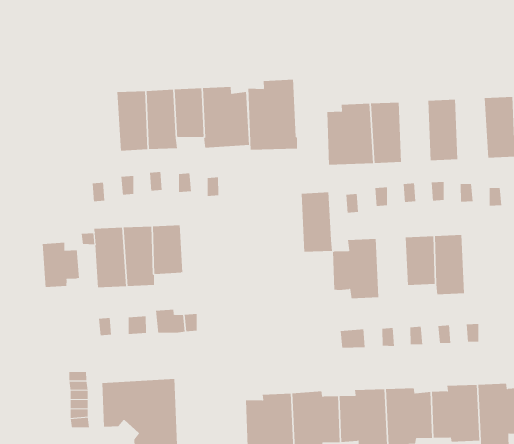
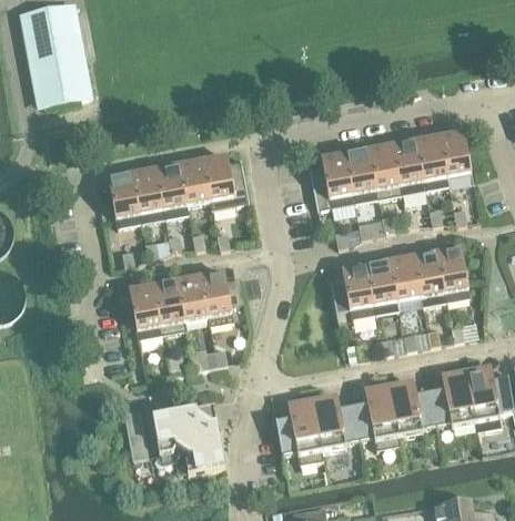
building: [248,79,298,151] -> none
building: none -> [108,172,142,225]
building: none -> [416,134,450,188]
building: none -> [370,143,402,197]
building: [301,192,333,252] -> [366,259,400,313]
building: none -> [201,270,234,324]
building: none -> [437,246,471,299]
building: [42,242,79,288] -> none

